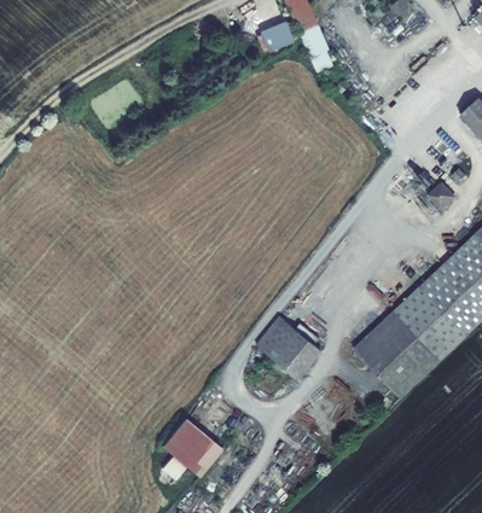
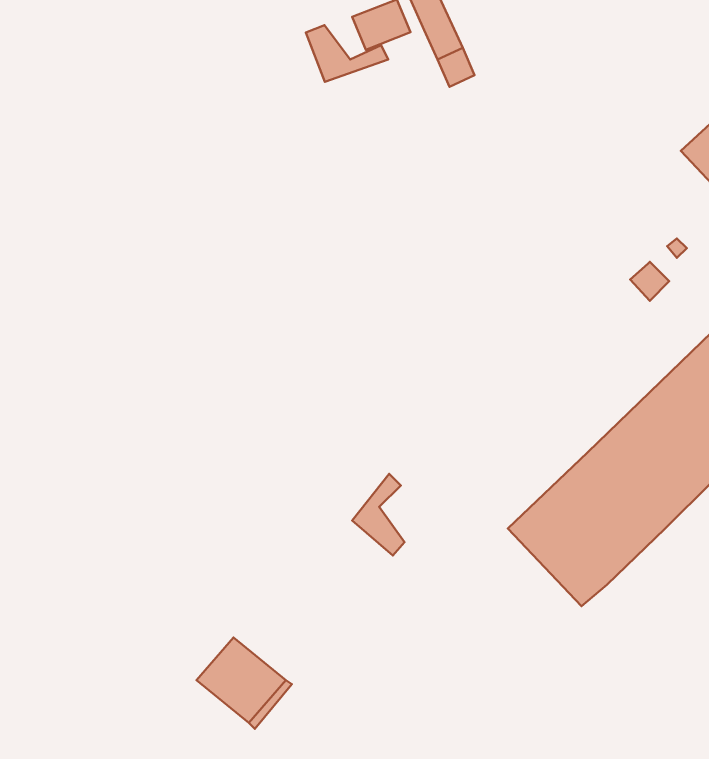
building: none -> [306,25,388,82]
building: [274,322,321,378] -> none

